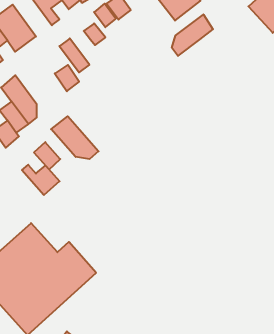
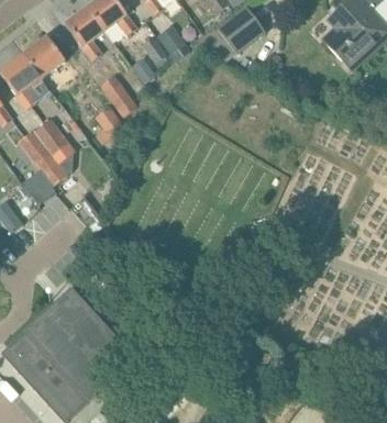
building: [172,14,213,56] -> none
building: [51,116,99,159] -> none
building: [22,165,60,195] -> none

